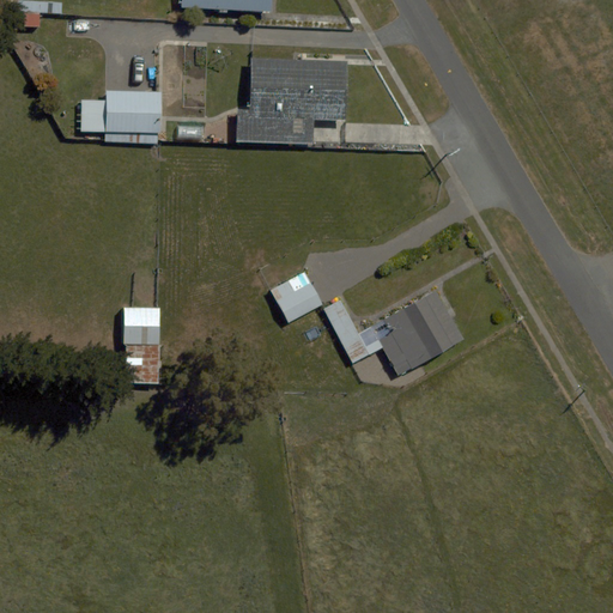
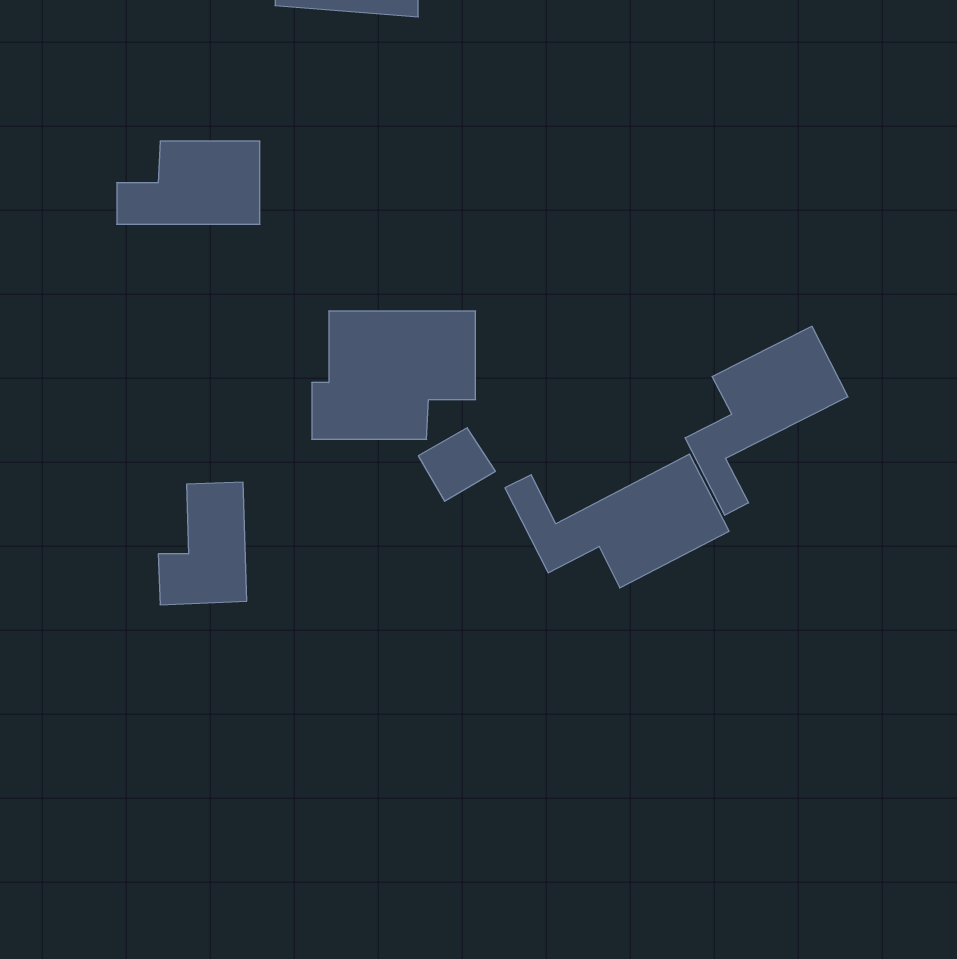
building: [237,62,341,144] -> [312,311,476,439]
building: none -> [685,326,848,515]

